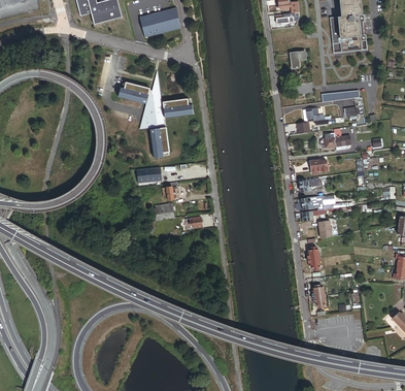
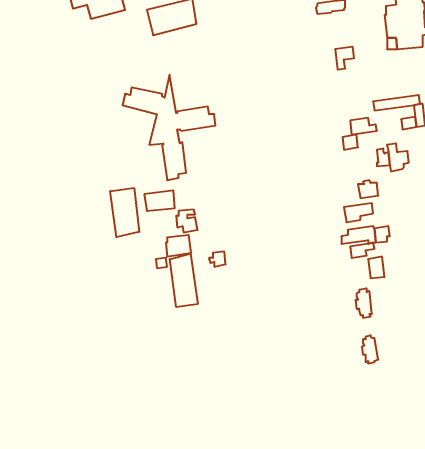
building: none -> [110,188,139,237]
building: none -> [170,253,198,307]

